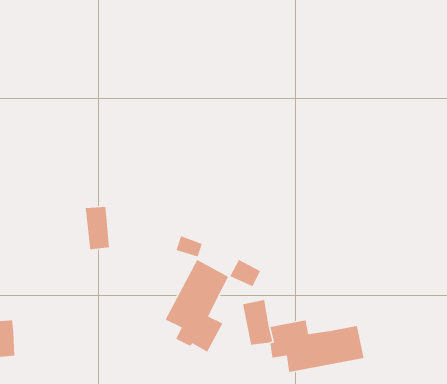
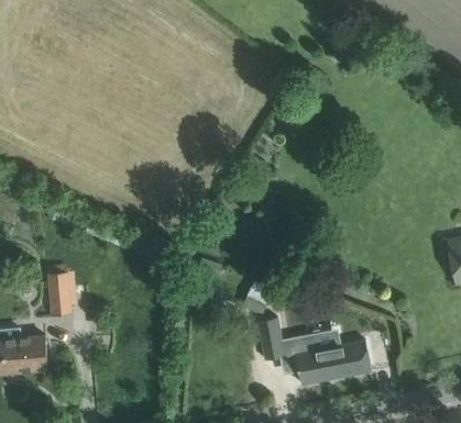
building: [85,206,110,250] -> [47,272,70,313]
building: [165,259,229,353] -> none

